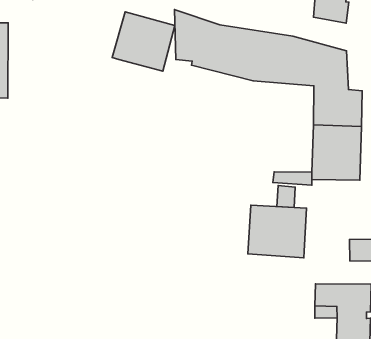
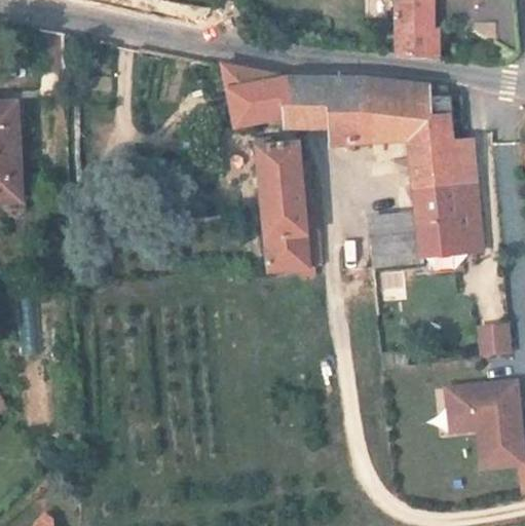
building: [112,12,175,71] -> none
building: none -> [253,149,318,270]
building: [248,205,306,258] -> none

